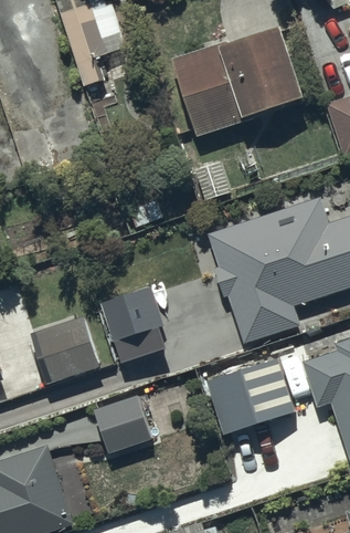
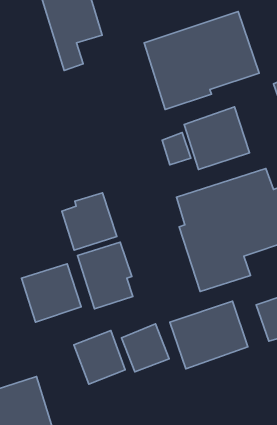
building: none -> [184,107,250,170]
building: none -> [62,193,117,250]
building: none -> [122,324,169,372]

